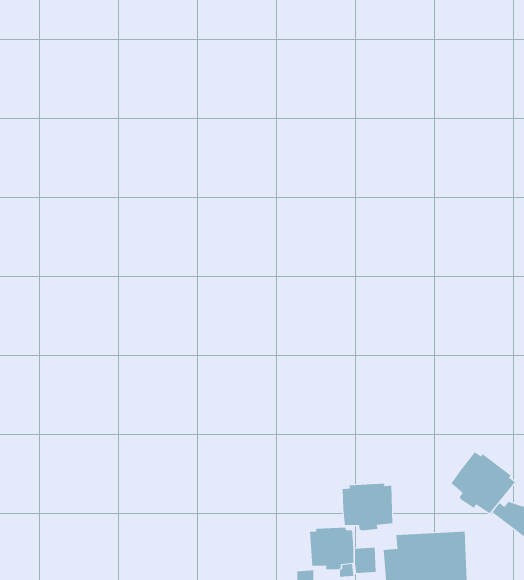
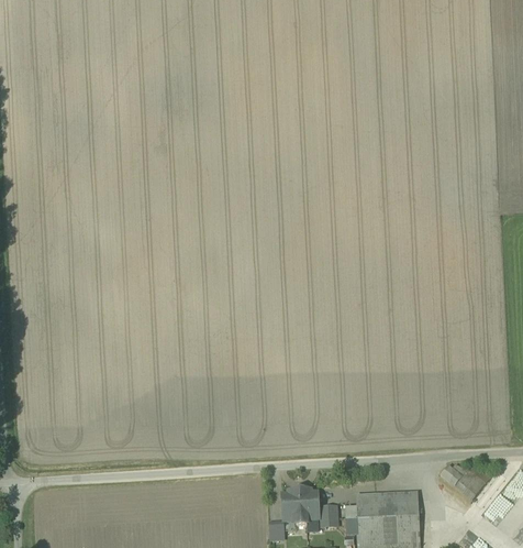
building: [451,451,516,514] -> none
building: [342,483,393,531] -> none

